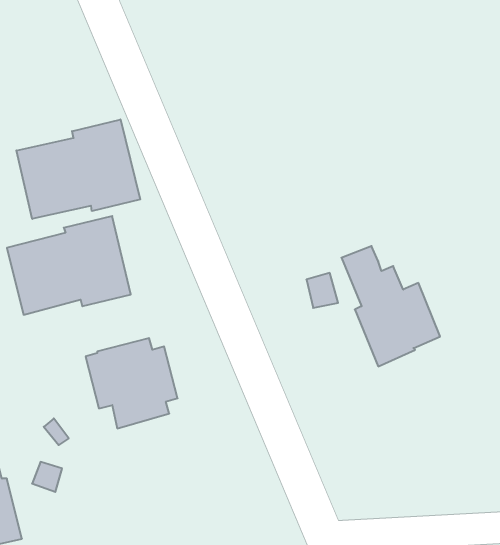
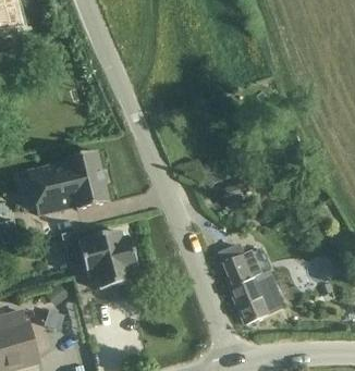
building: [16,119,140,219] -> none
building: [341,246,440,366] -> [219,245,283,323]

